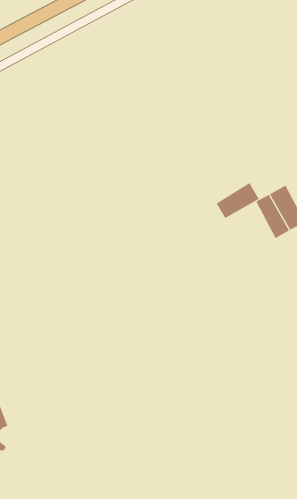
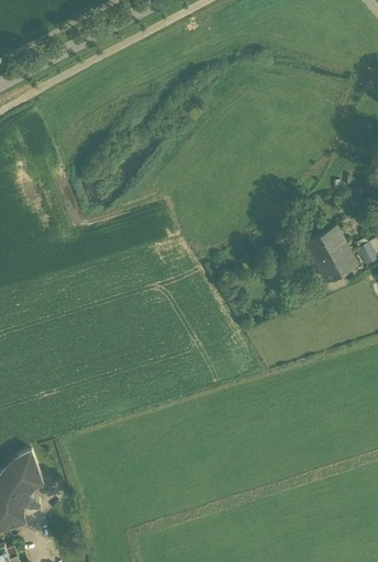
building: [216,182,259,219] -> none

